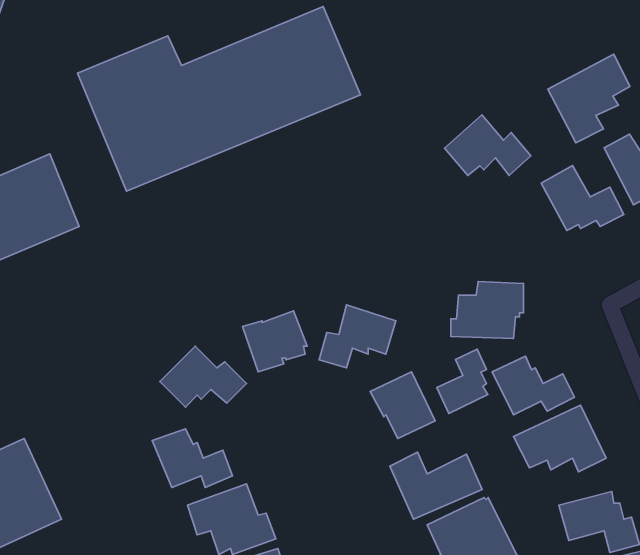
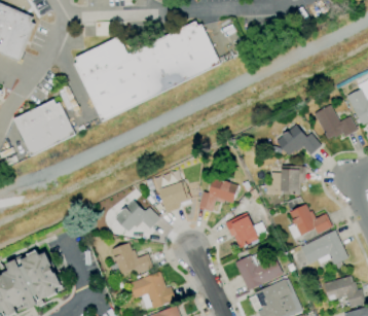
building: [548,54,630,143] -> none
building: [444,115,531,176] -> [277,124,322,155]
building: [437,349,488,414] -> none

